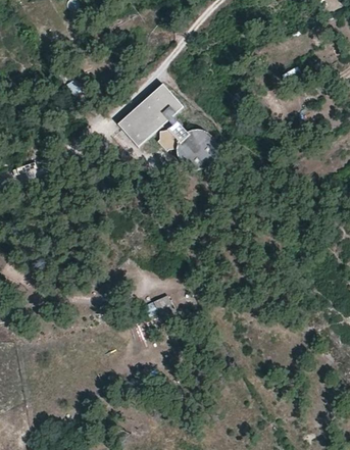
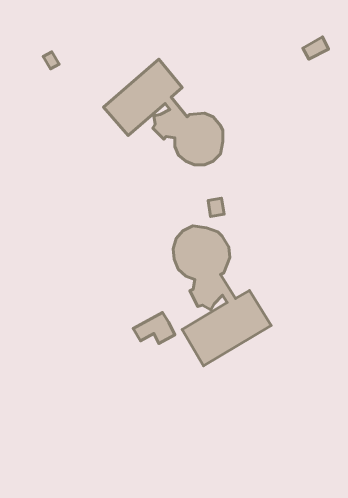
building: none -> [173,226,271,366]

